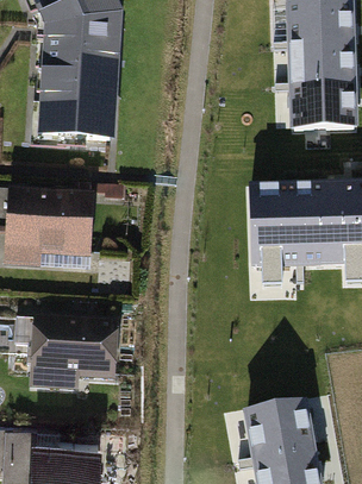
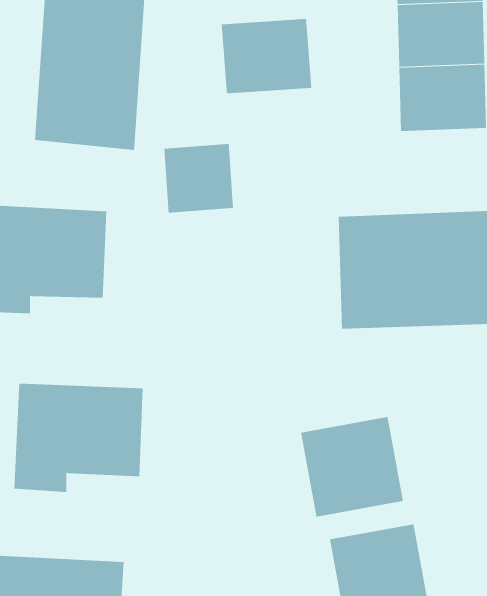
building: none -> [221,18,312,94]
building: none -> [164,143,234,214]
building: none -> [301,416,403,518]

